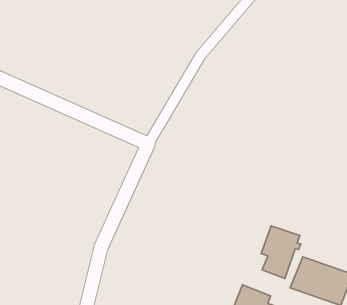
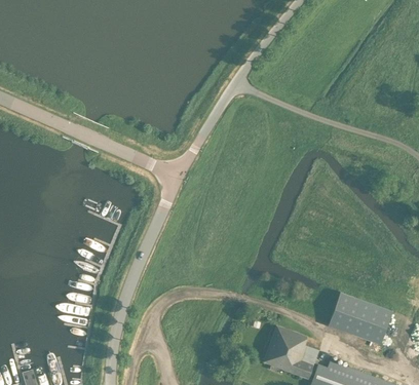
building: [261,226,301,278] -> none

